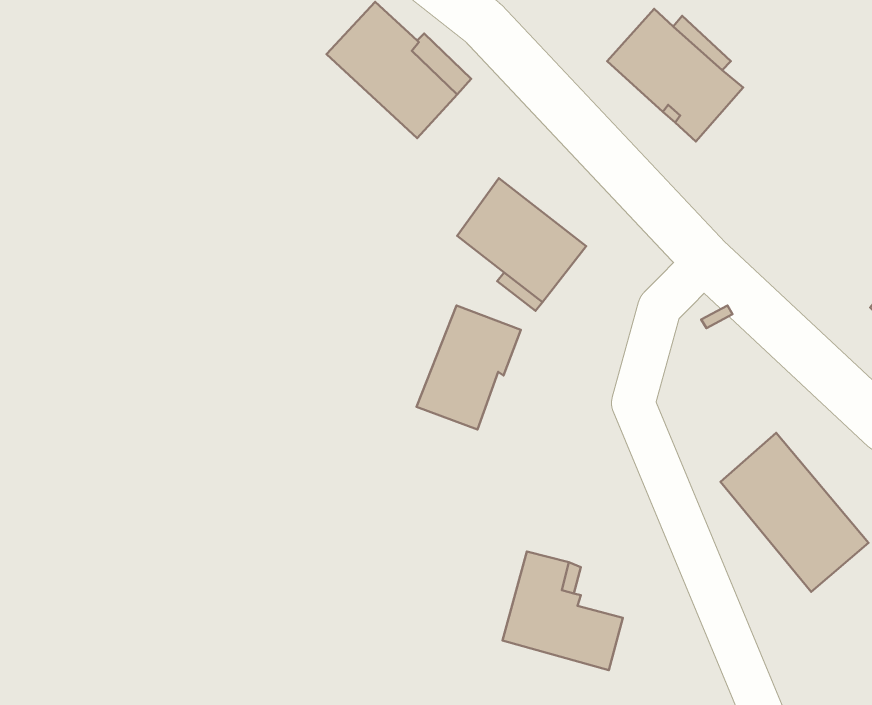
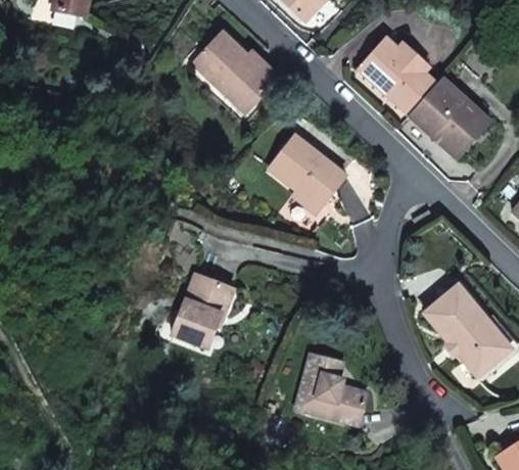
building: none -> [409,78,491,159]
building: [416,306,521,429] -> [172,275,233,347]

